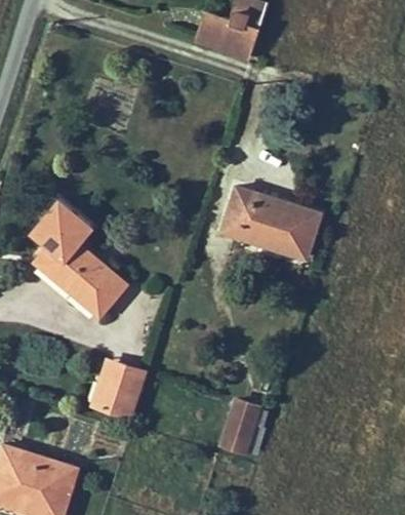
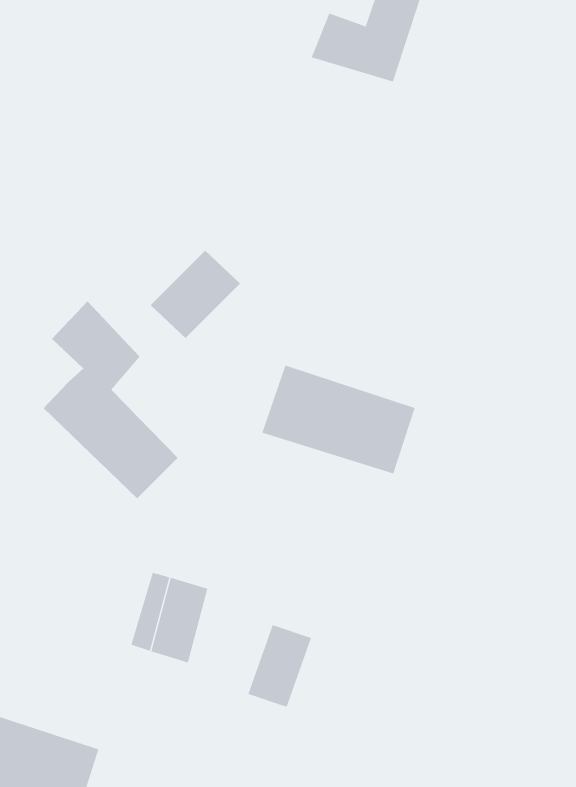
building: none -> [150,250,241,339]
building: [215,189,311,256] -> [262,365,415,474]
building: [220,403,260,454] -> [247,625,312,707]

